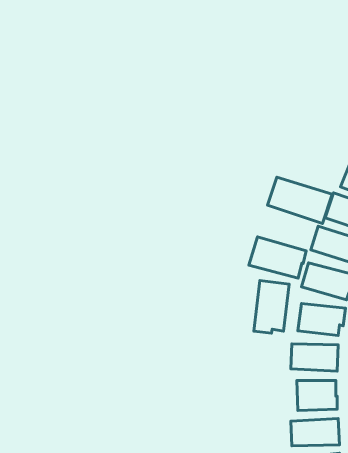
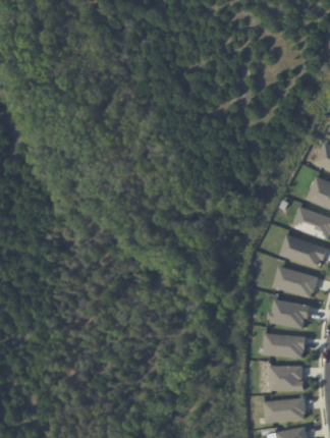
building: [268,177,332,224] -> none
building: [249,237,306,278] -> none
building: [254,280,289,333] -> none

